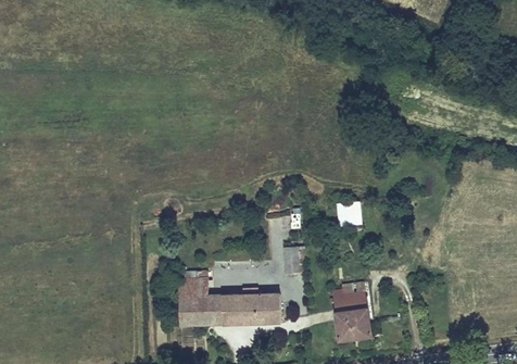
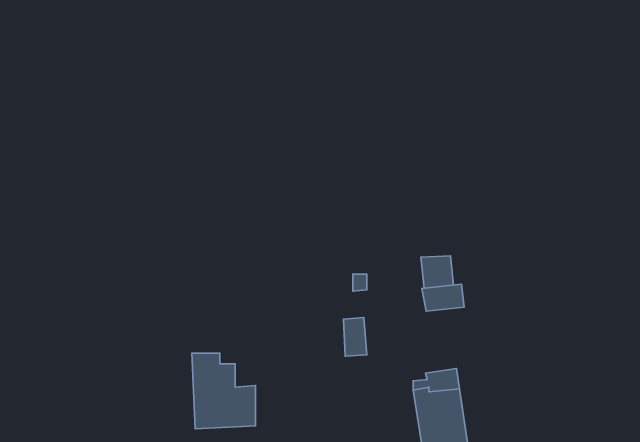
building: none -> [422,284,464,311]
building: [222,294,280,324] -> none

